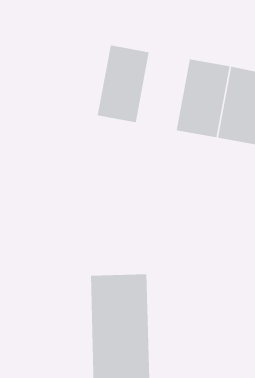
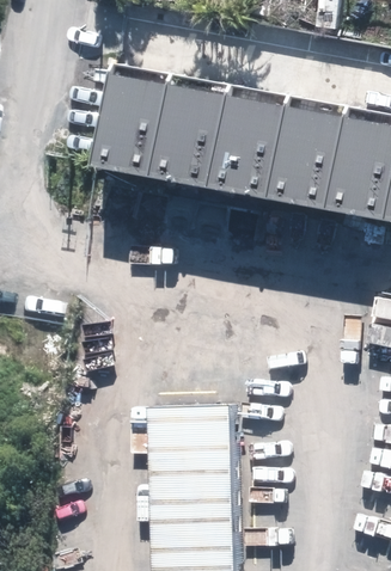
building: none -> [97,65,176,179]
building: none -> [214,87,291,201]

